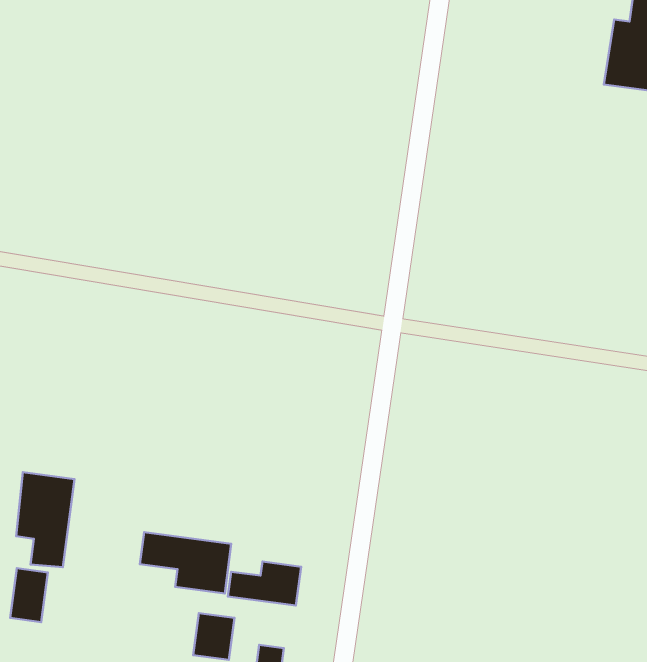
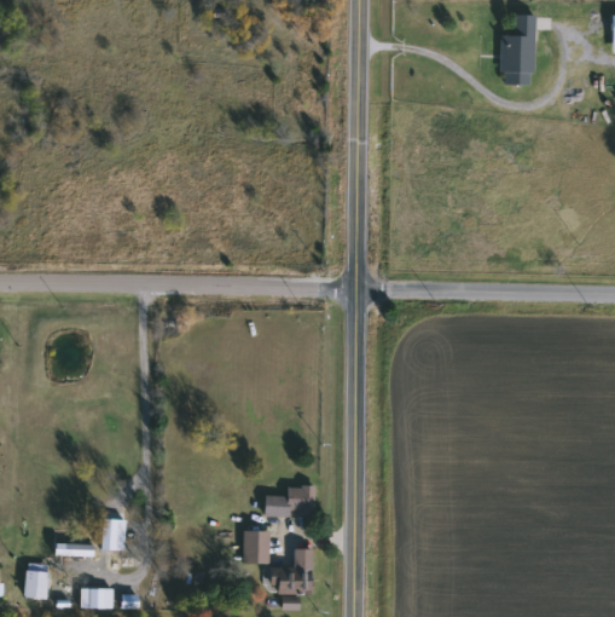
building: [16,472,75,567] -> none
building: [140,532,231,594] -> none

